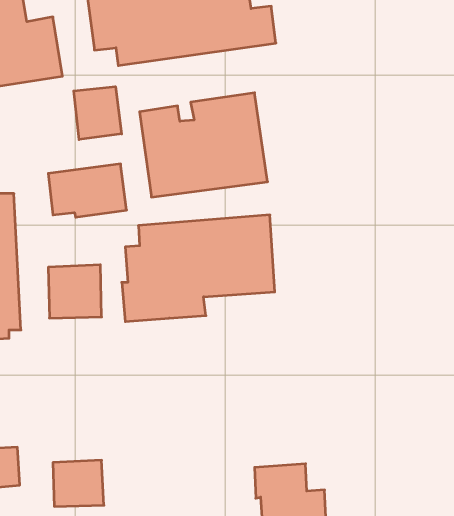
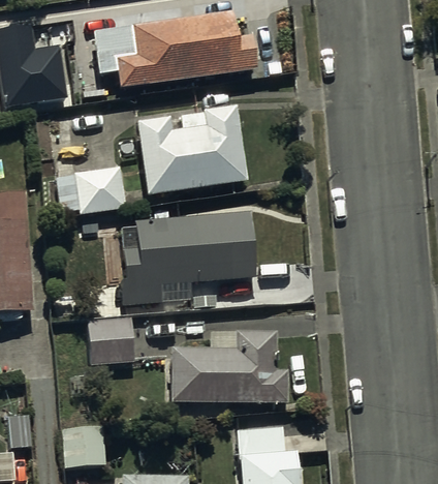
building: [74,87,122,140] -> none
building: [48,265,102,318] -> [88,319,134,365]
building: none -> [170,333,288,405]

